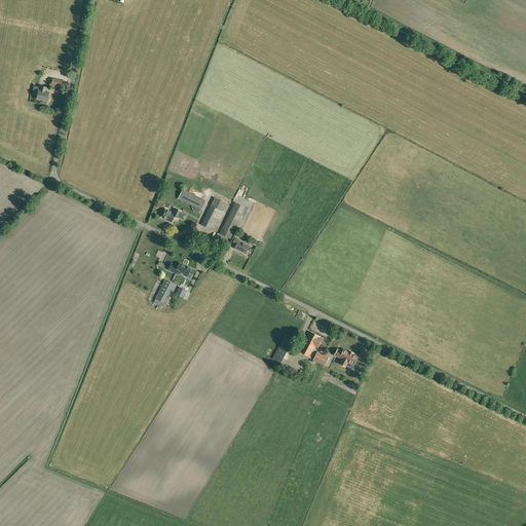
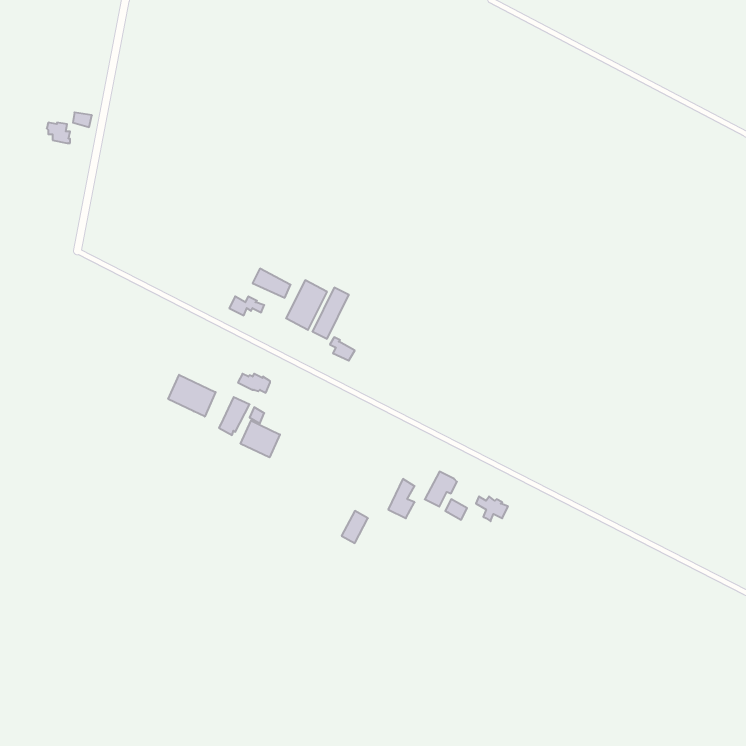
building: none -> [168,375,216,417]
building: none -> [241,421,280,457]

